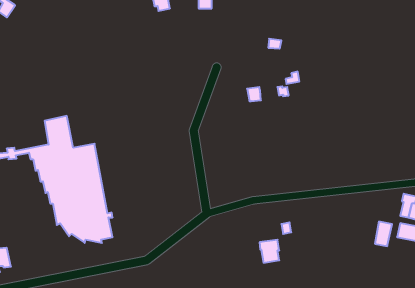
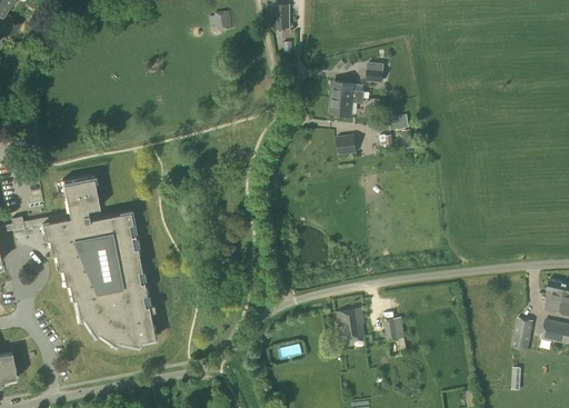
building: none -> [329,81,365,116]
building: [260,240,279,263] -> [337,308,363,339]

